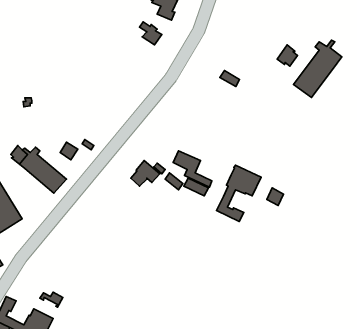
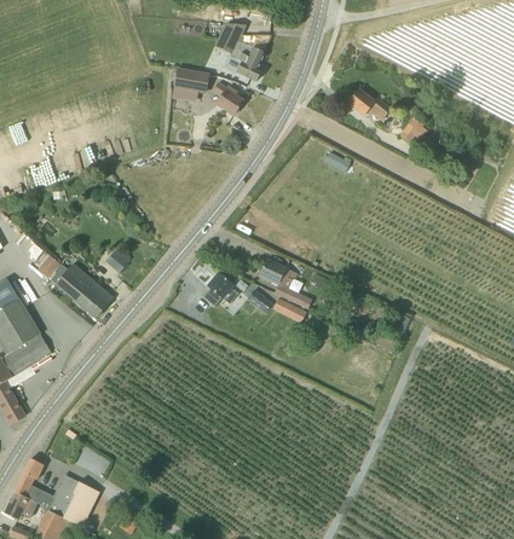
building: none -> [175,68,208,92]
building: none -> [348,88,391,118]
building: [294,40,342,97] -> none
building: [216,165,261,222] -> none

